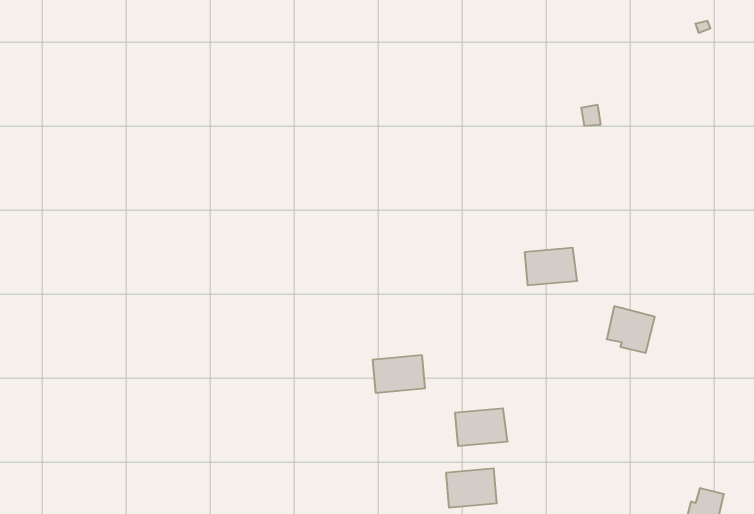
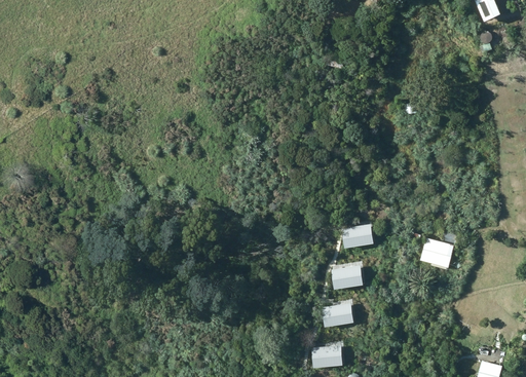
building: [525,248,577,285] -> [337,225,373,251]
building: [373,355,425,393] -> [327,264,363,290]

